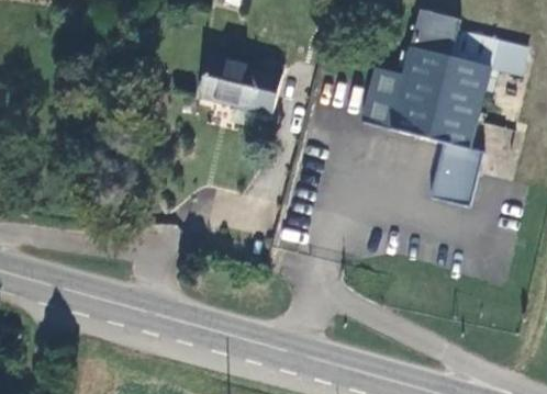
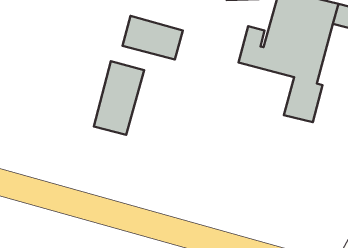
building: none -> [94,61,144,135]

